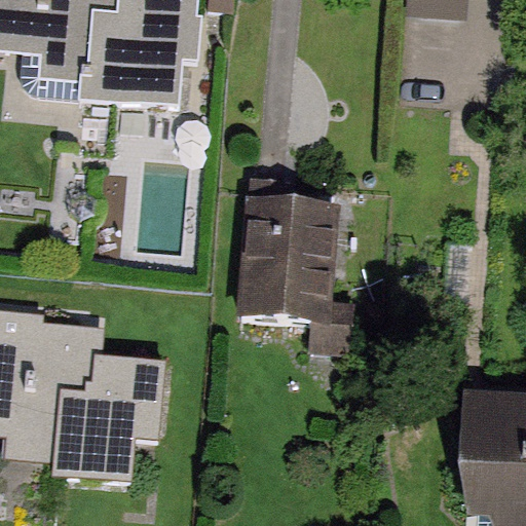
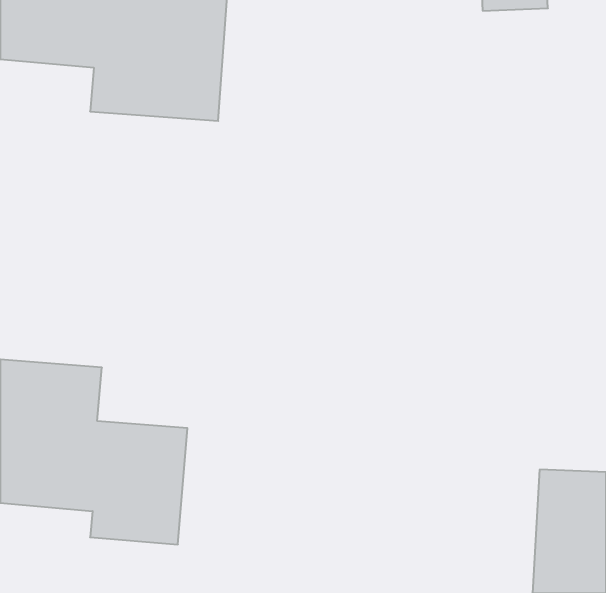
building: [238,200,327,322] -> none

